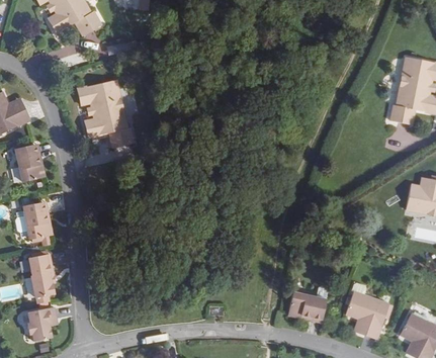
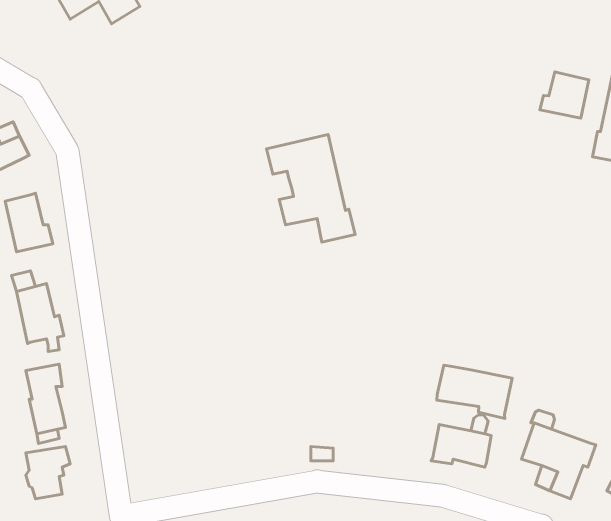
building: none -> [540,72,589,118]
building: [77,80,134,149] -> [266,135,355,242]
building: none -> [437,365,512,418]

